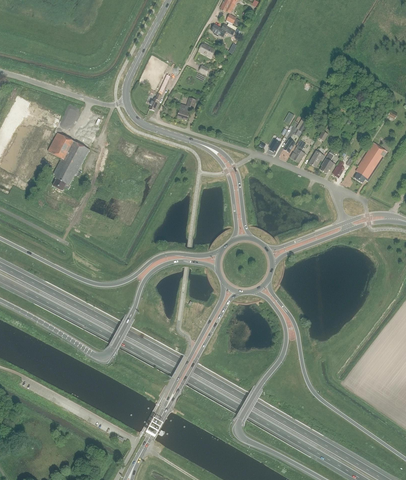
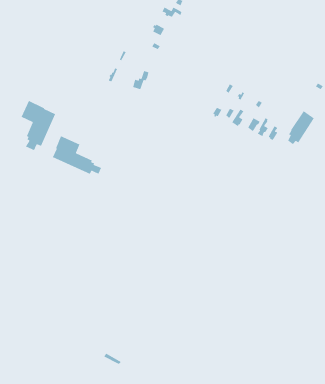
building: none -> [52,135,102,175]

